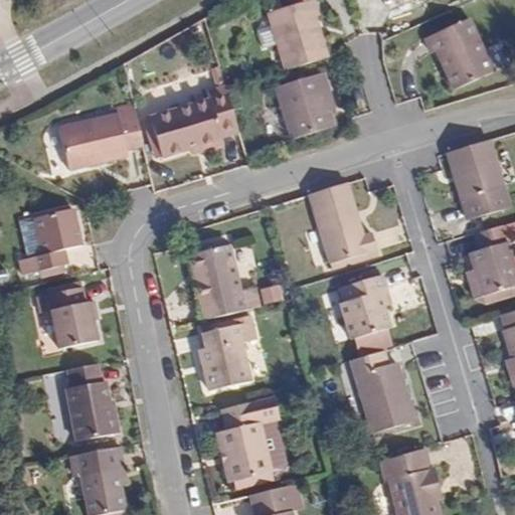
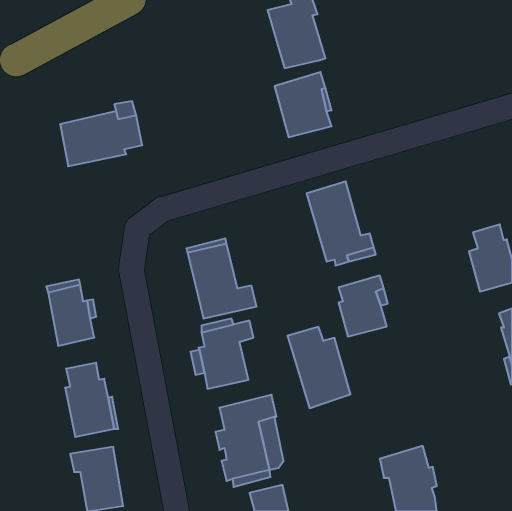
building: [422,18,492,89] -> none
building: [150,85,238,155] -> none
building: [448,140,508,218] -> none
building: [19,209,81,276] -> none
building: [350,351,413,433] -> [287,327,351,408]

